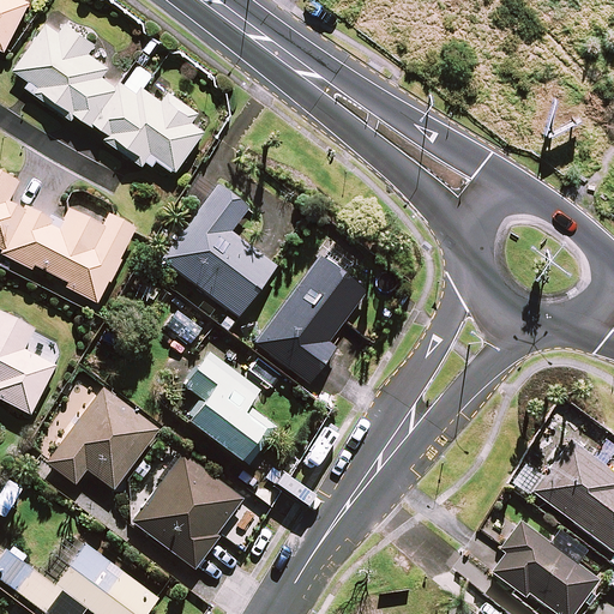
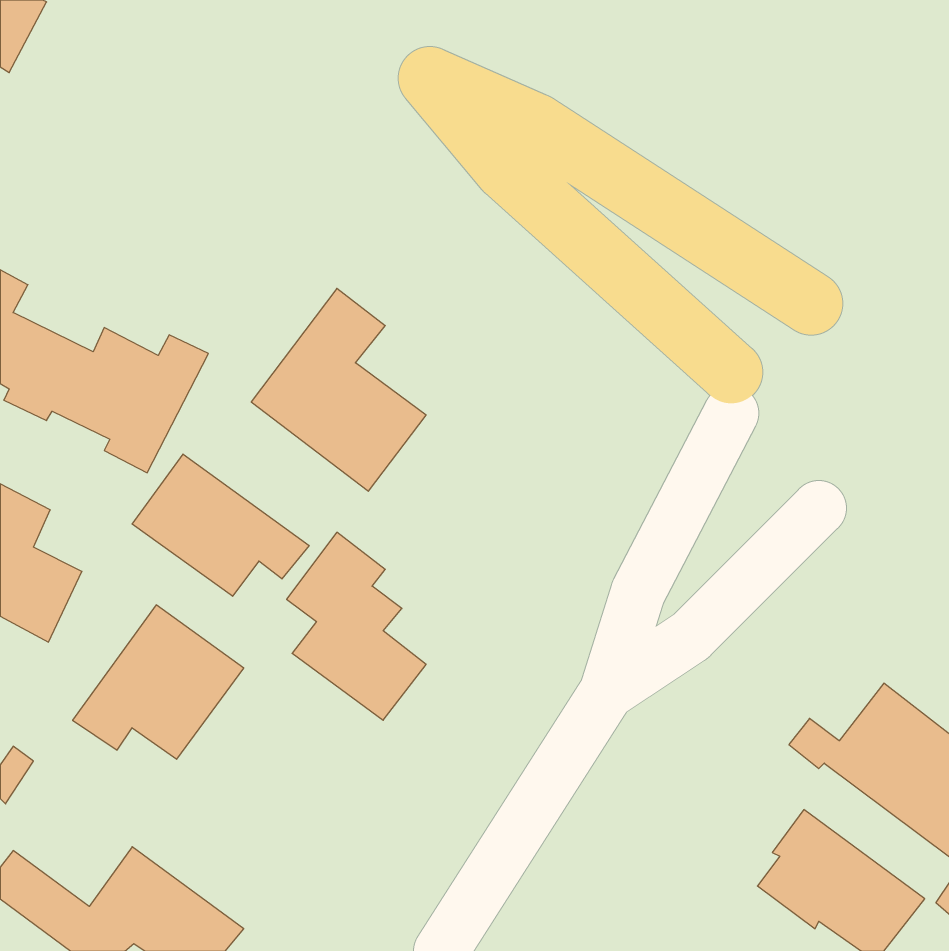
building: [19,23,204,167] -> none
building: [258,259,367,383] -> none
building: none -> [132,454,309,596]
building: [127,446,265,566] -> none

